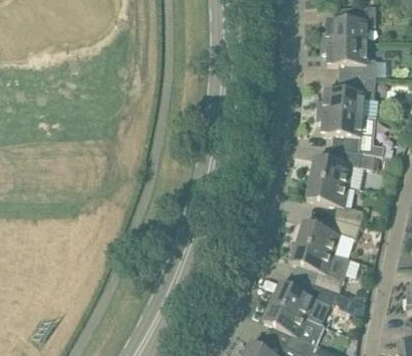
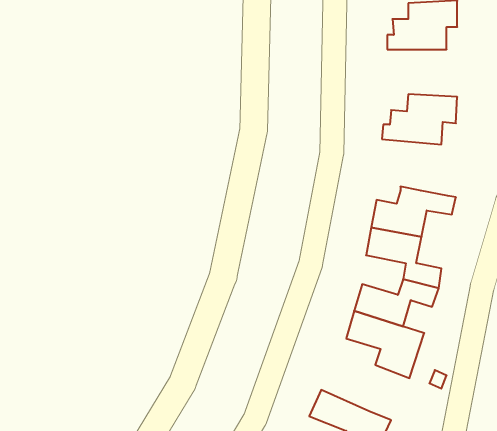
building: [322,41,375,77] -> none
building: [317,110,383,154] -> none
building: [271,281,339,317] -> none

